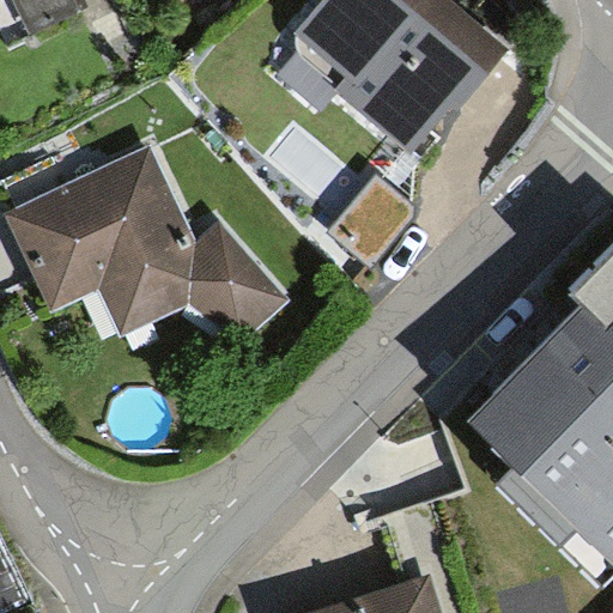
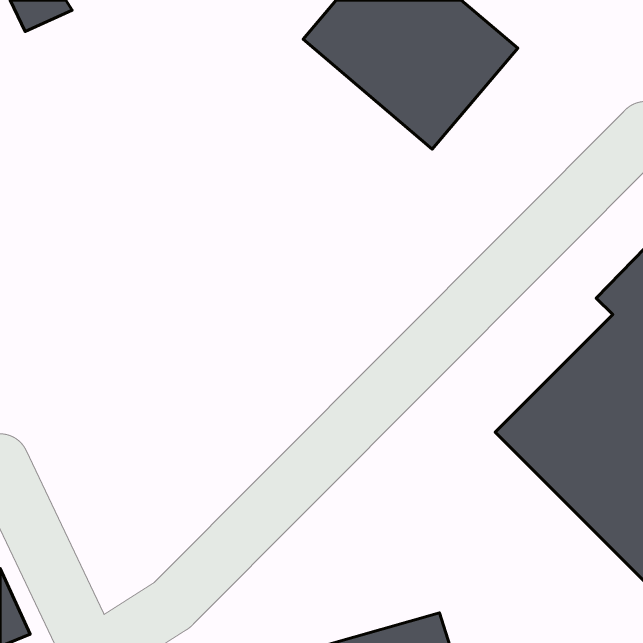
building: [10,156,274,340] -> none

